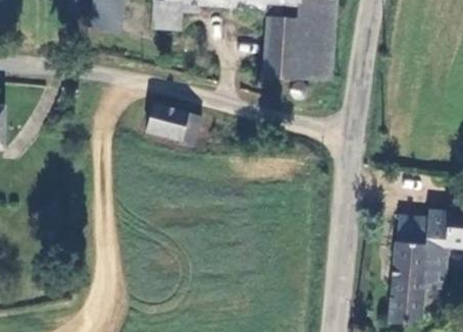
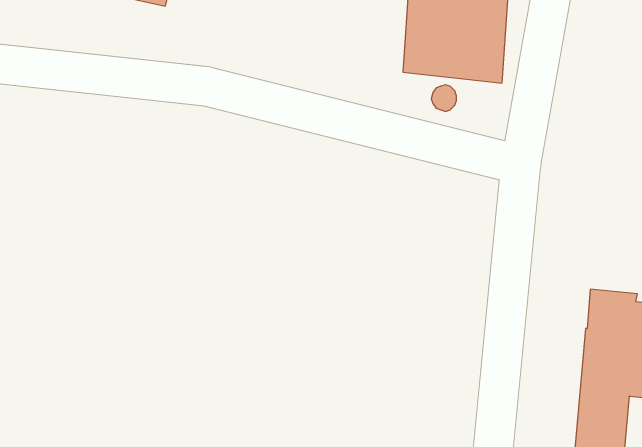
building: [154,102,206,137] -> none

